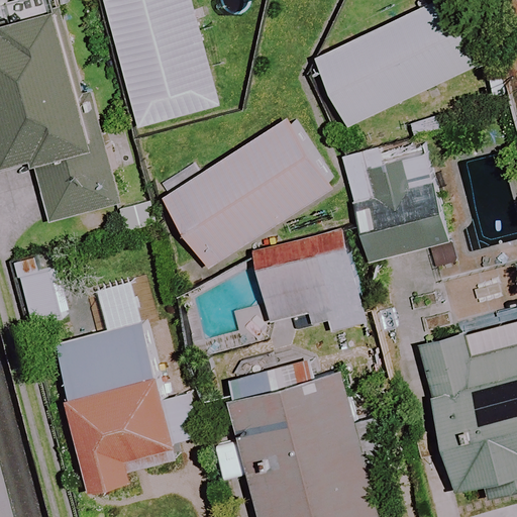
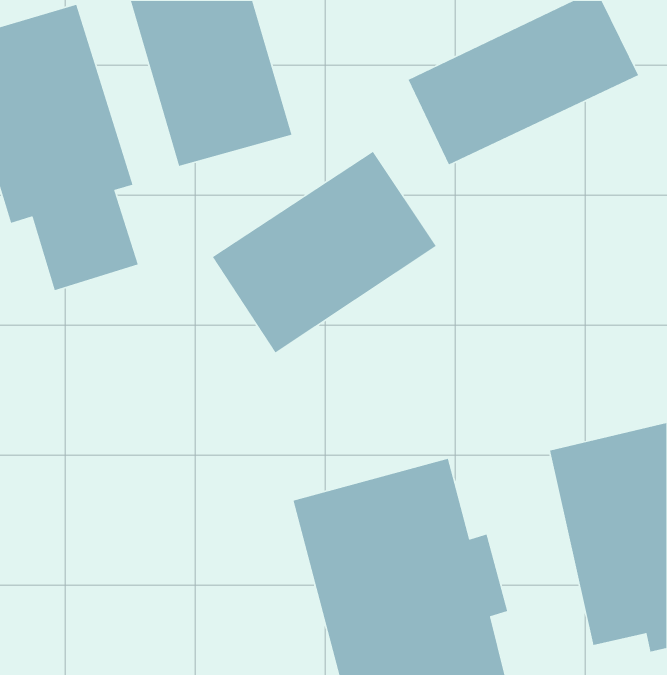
building: [338,139,442,264] -> none
building: [247,229,367,335] -> none
building: [57,322,177,490] -> none

